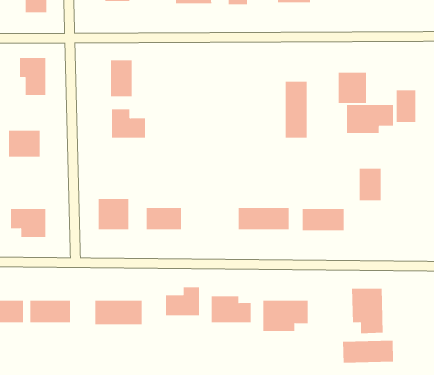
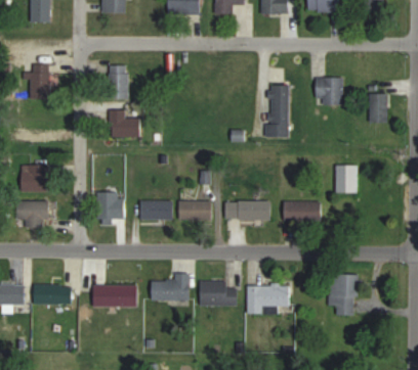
building: [347,104,394,134] -> none
building: [8,130,41,157] -> [20,168,50,192]
building: none -> [179,201,210,222]
building: [343,340,394,363] -> none

